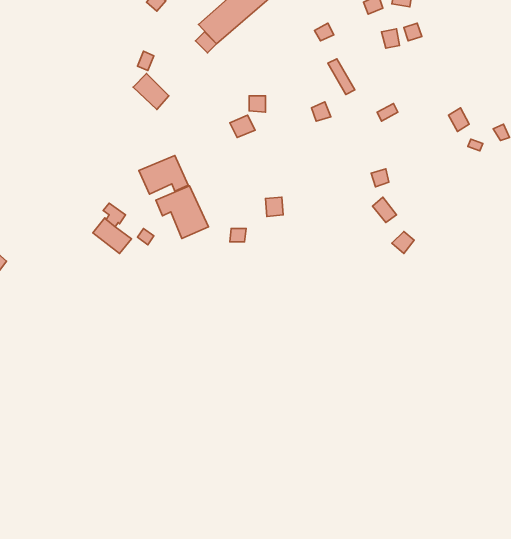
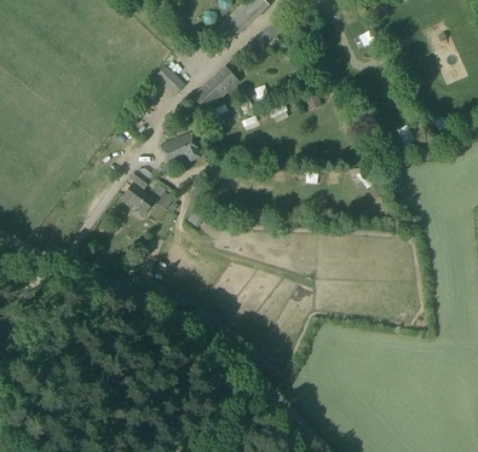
building: none -> [190,66,238,112]
building: [156,186,208,239] -> none

